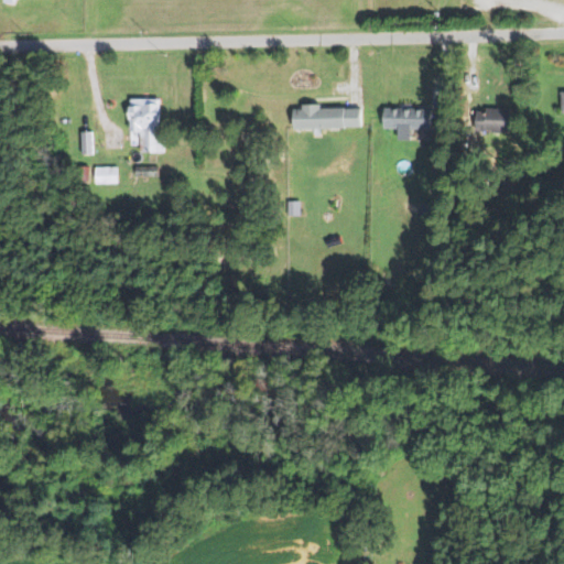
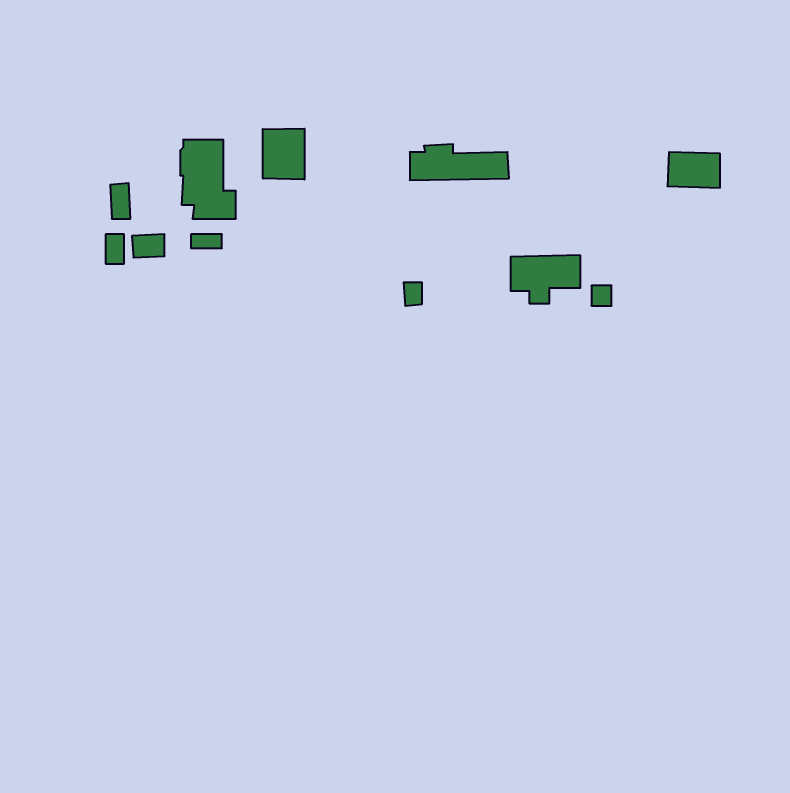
building: none -> [263,129,304,180]
building: [383,106,433,140] -> [511,255,580,303]

